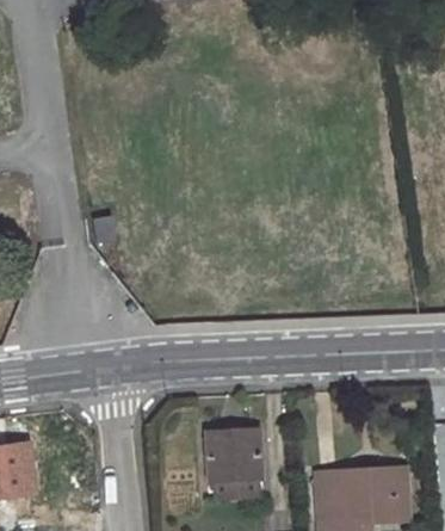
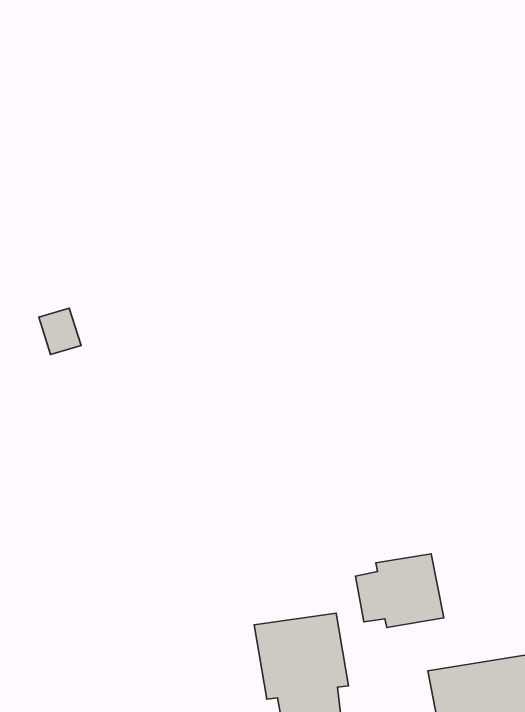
building: none -> [356,554,444,627]

